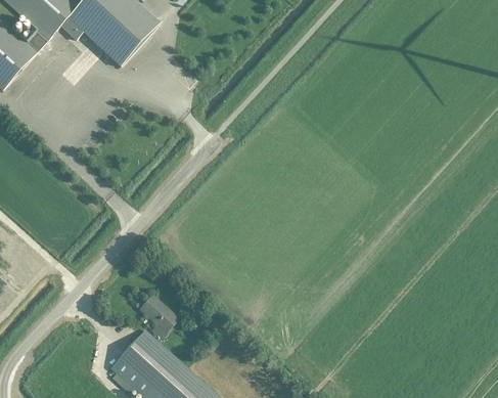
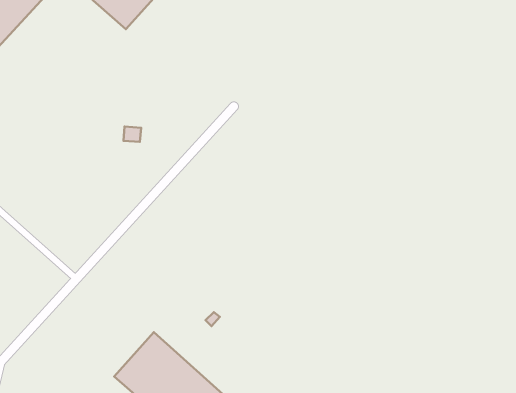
building: [140,297,178,333] -> none

